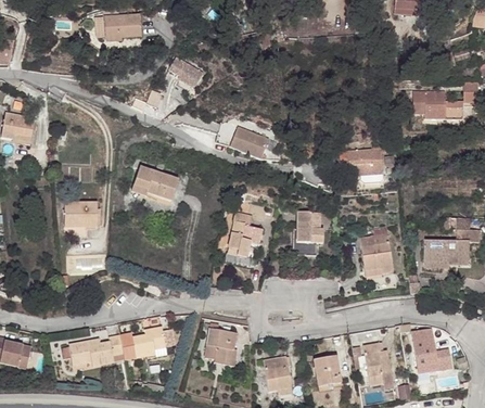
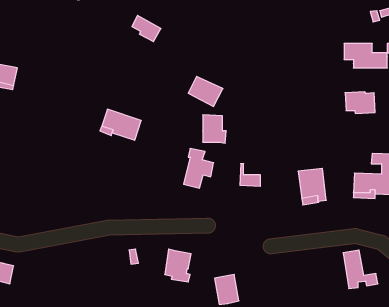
building: [348,148,383,173] -> [345,92,375,113]
building: [65,203,98,226] -> none
building: [297,211,324,243] -> [203,115,226,143]
building: [132,327,165,358] -> none
building: [69,334,124,366] -> none
building: [365,344,392,387] -> none
building: [316,356,342,386] -> none

